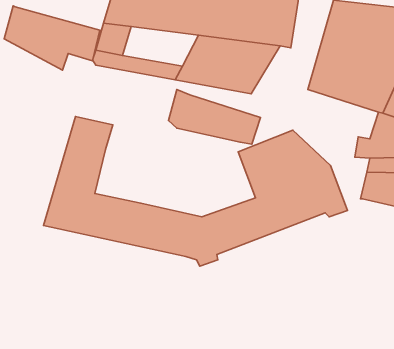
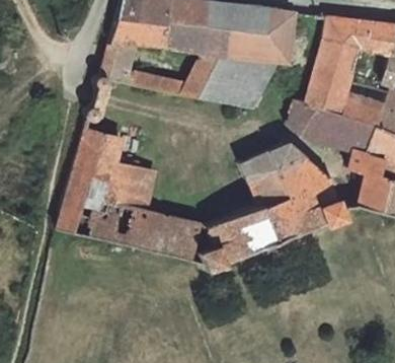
building: [4,6,100,70] -> none
building: [168,90,260,144] -> [285,96,372,148]
building: none -> [103,158,157,209]

